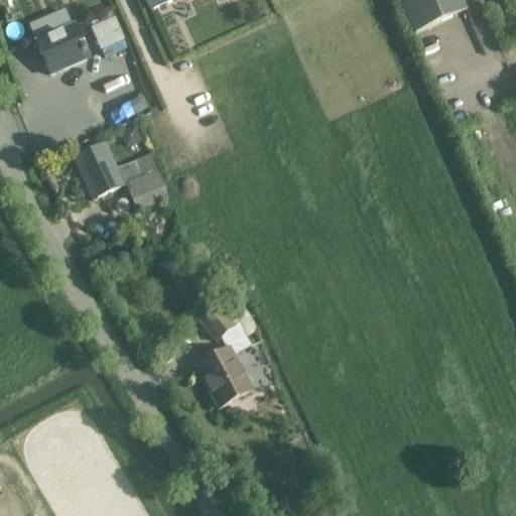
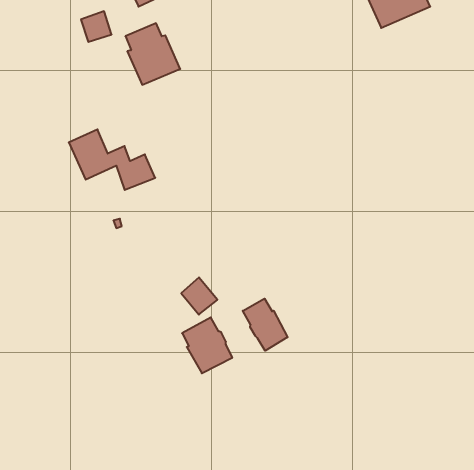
building: [32,6,92,73] -> [125,23,180,85]
building: none -> [243,299,288,351]

